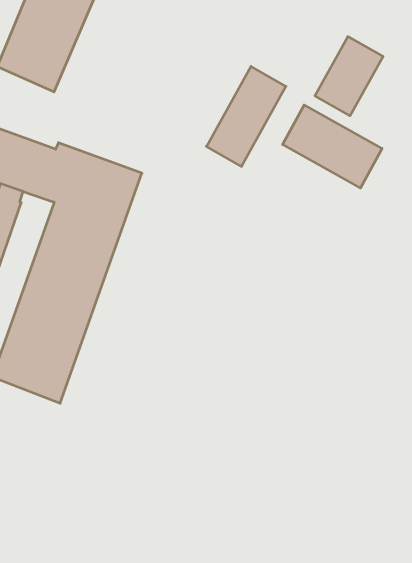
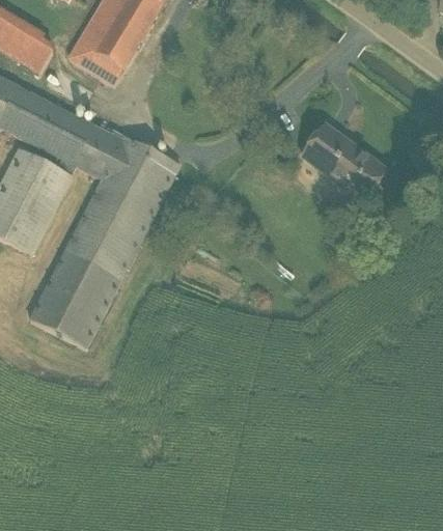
building: [315,37,383,116] -> none
building: [206,66,286,166] -> none

